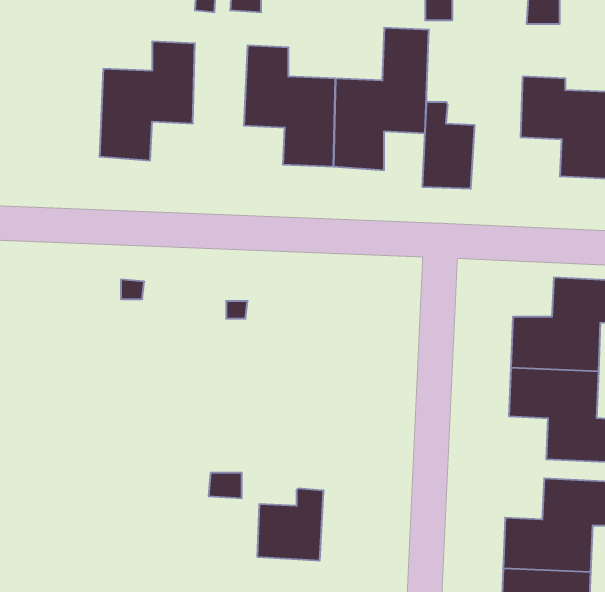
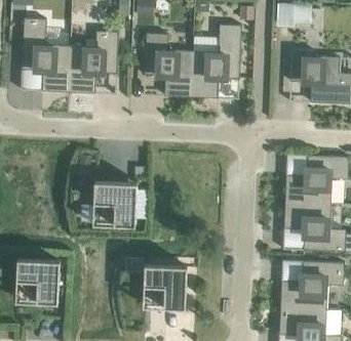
building: none -> [22,17,70,91]
building: [423,102,474,189] -> none
building: none -> [101,190,135,219]
building: none -> [24,268,58,297]

